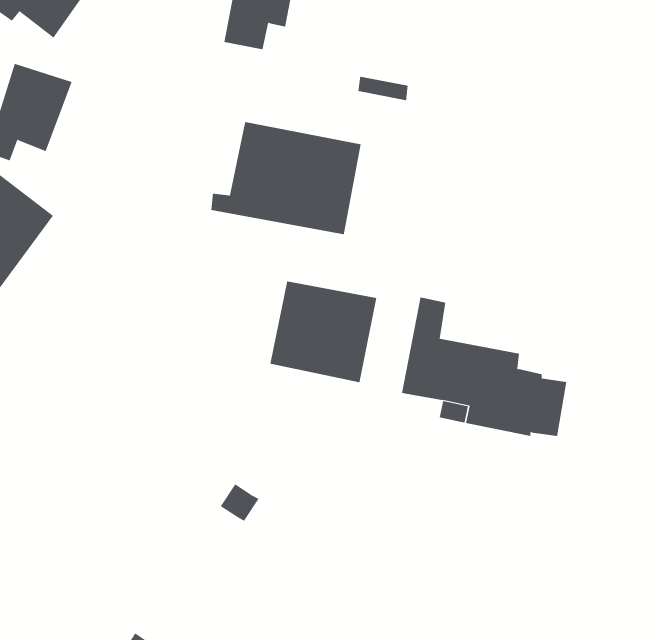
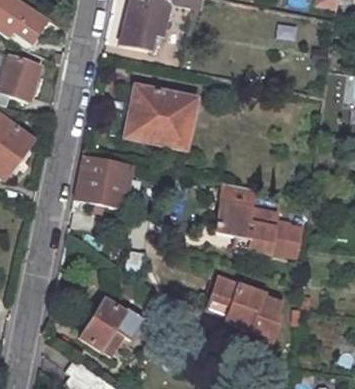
building: [269,281,377,383] -> [77,155,134,209]
building: none -> [209,277,284,346]
building: none -> [79,300,125,351]

